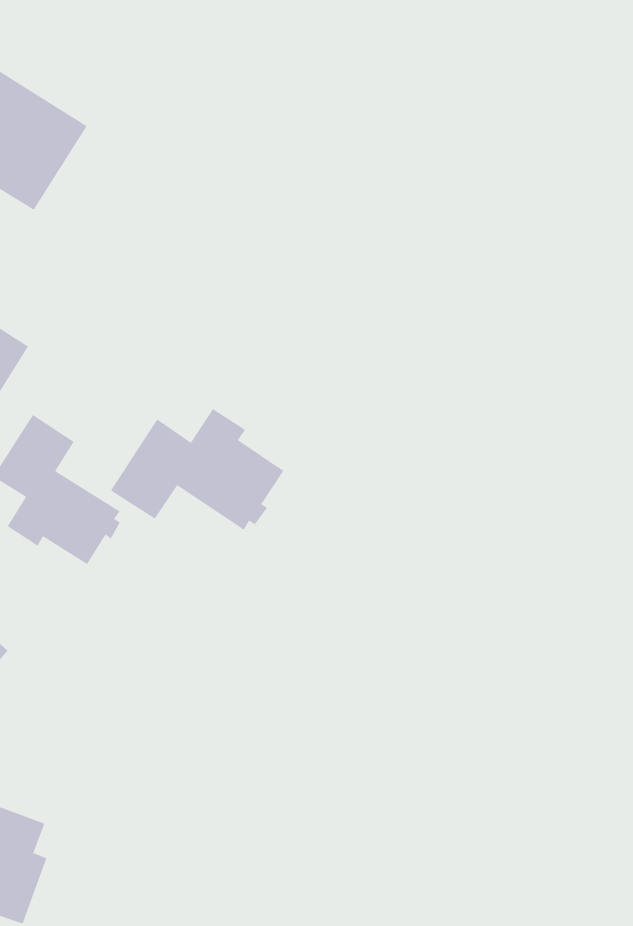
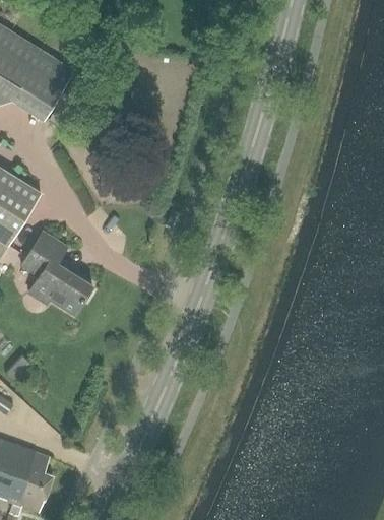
building: [110,408,284,531] -> none

